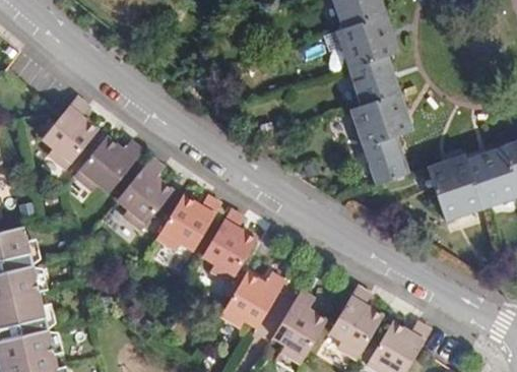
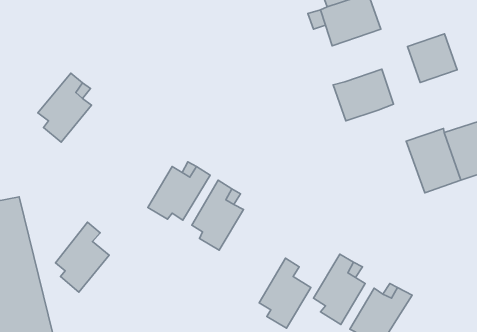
building: [348,56,400,107] -> [408,34,457,82]
building: [363,136,409,186] -> none
building: [74,137,143,193] -> none
building: [117,158,173,231] -> [55,222,109,292]
building: [220,273,285,328] -> none

